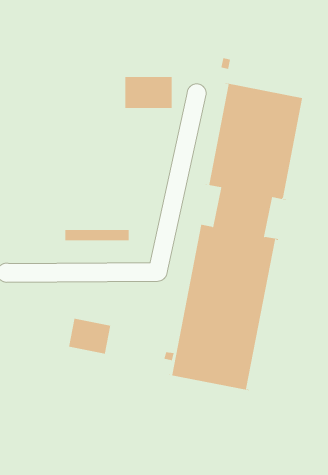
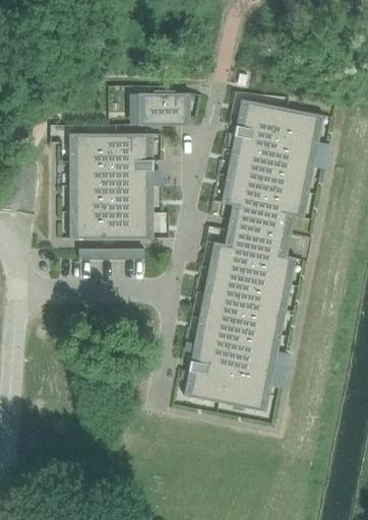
building: none -> [70,132,147,238]
building: [68,318,111,354] -> none

